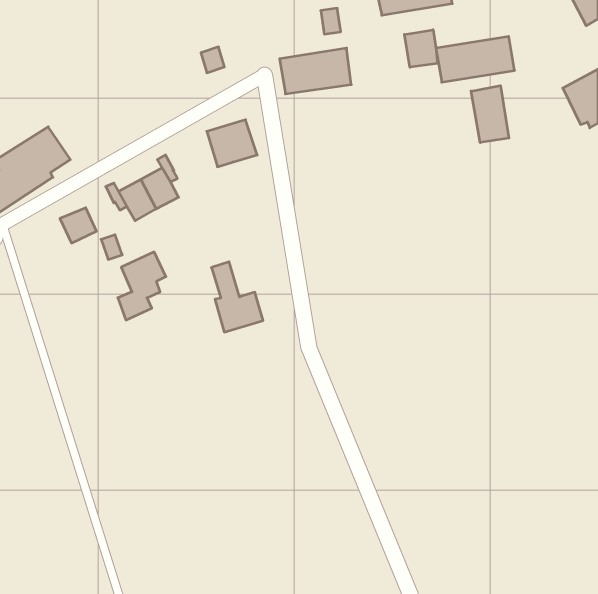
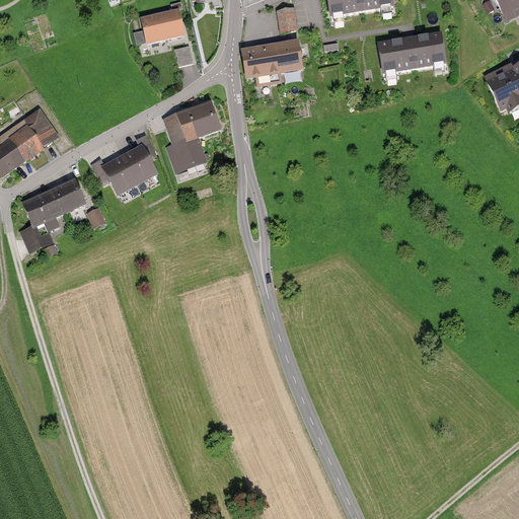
building: none -> [142,10,187,47]
building: [404,30,438,67] -> none
building: [471,86,509,143] -> none
building: [118,252,166,320] -> [20,189,62,247]
building: [211,262,263,332] -> [163,114,208,174]

